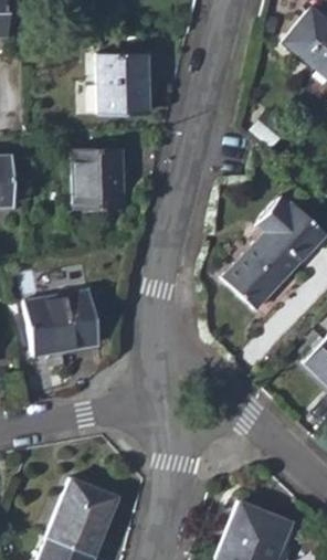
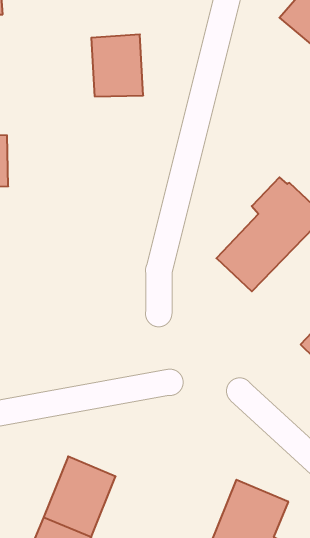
building: [74,149,124,209] -> none
building: [25,287,97,353] -> none

